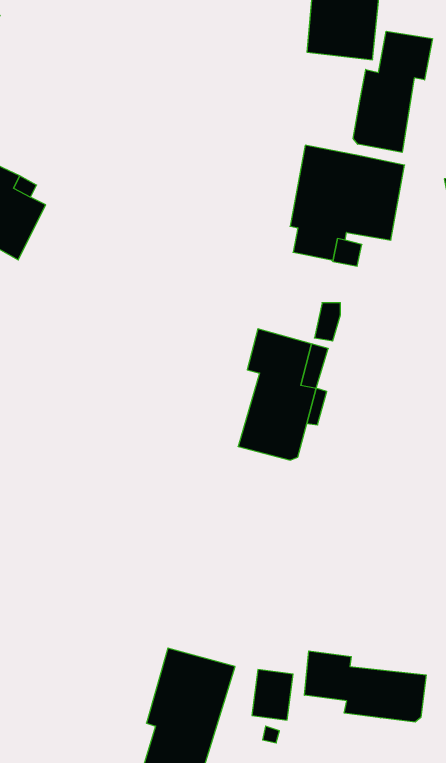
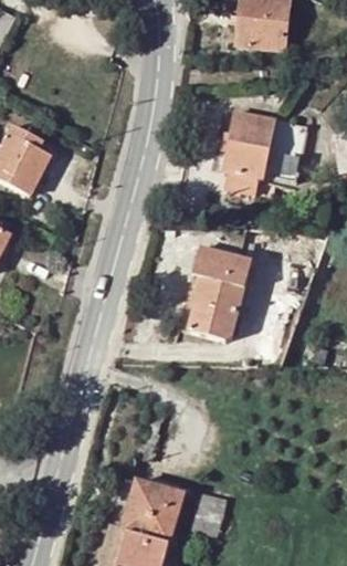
building: [353,31,432,152] -> none
building: [304,651,426,722] -> none

